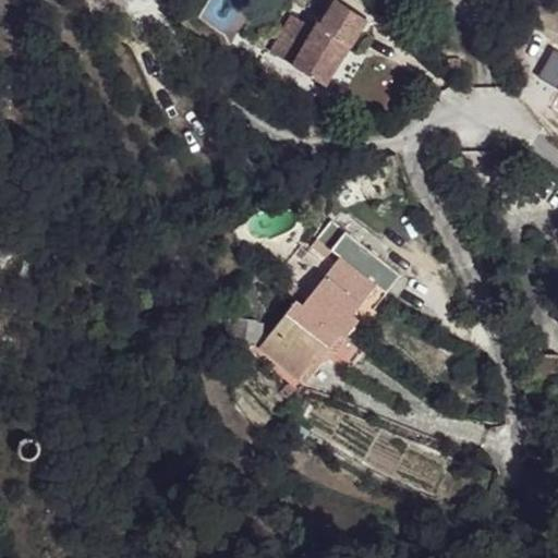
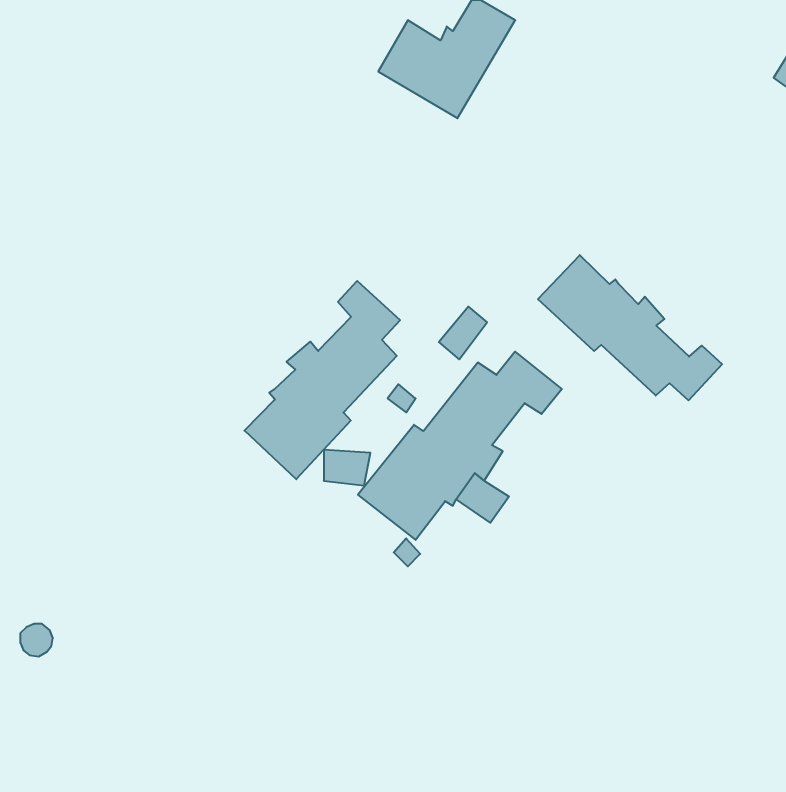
building: none -> [538,255,722,400]
building: none -> [244,281,400,479]

